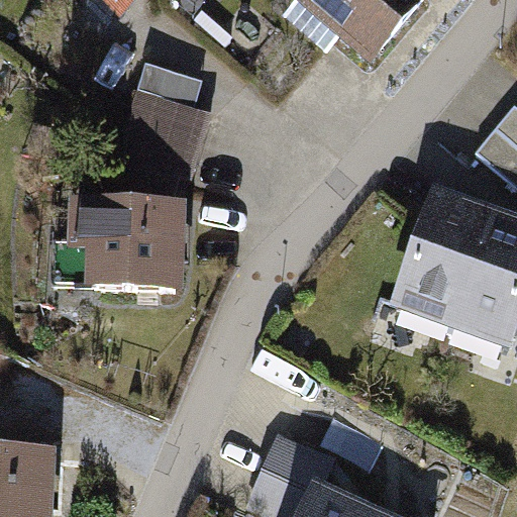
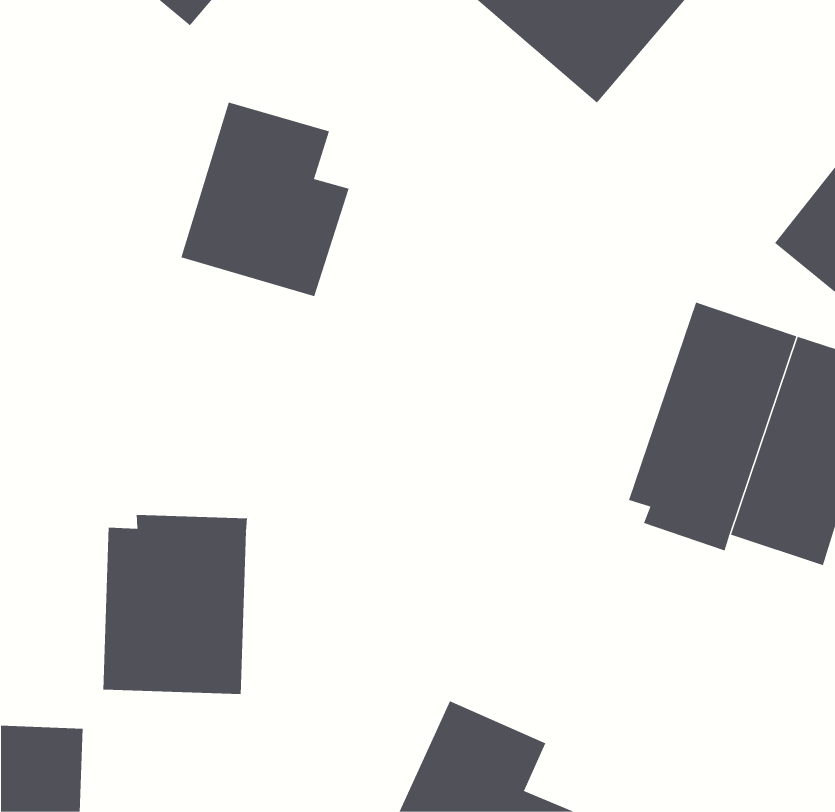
building: [65,200,185,296] -> none
building: none -> [103,514,248,695]

